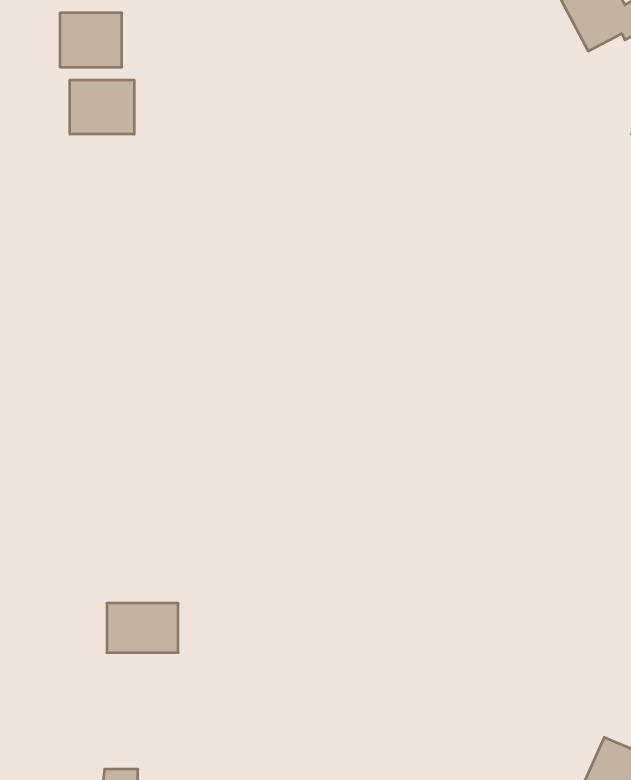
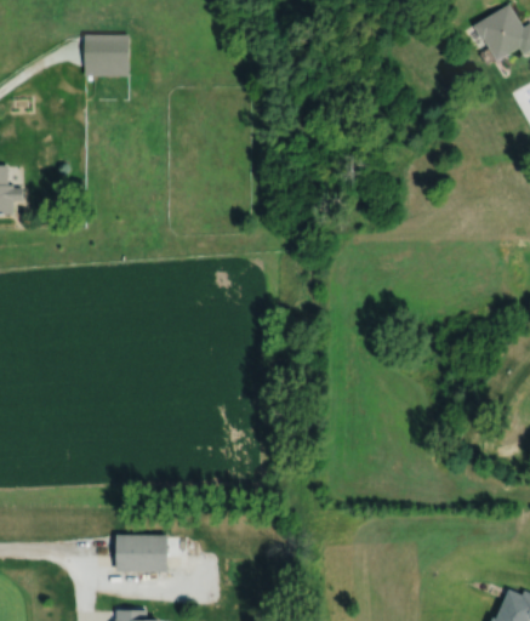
building: [70,80,134,134] -> none
building: [107,603,178,653] -> [118,535,172,572]

